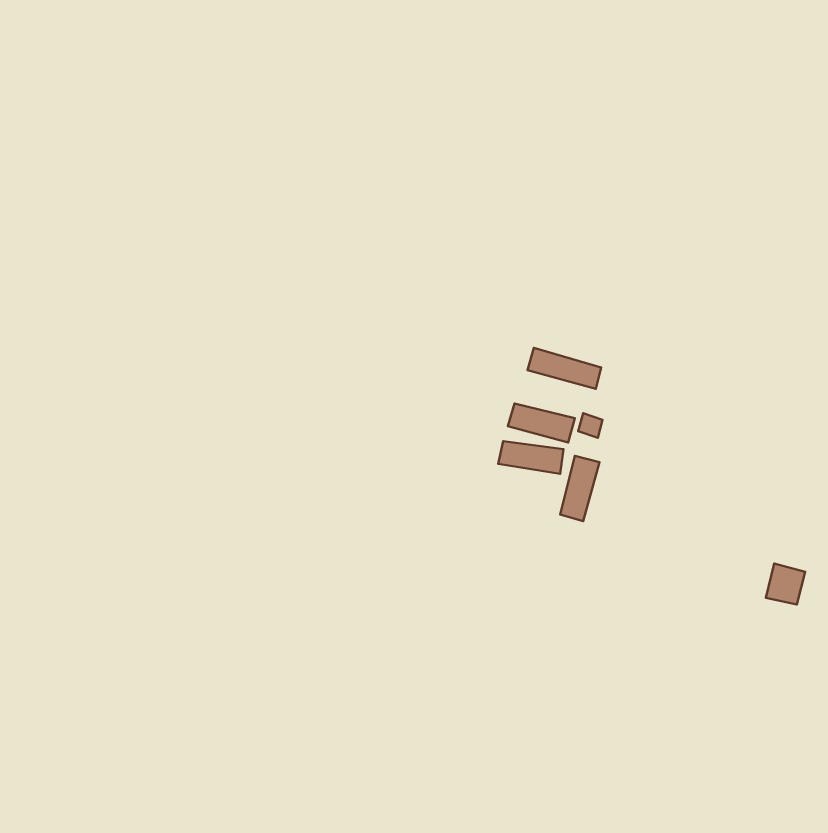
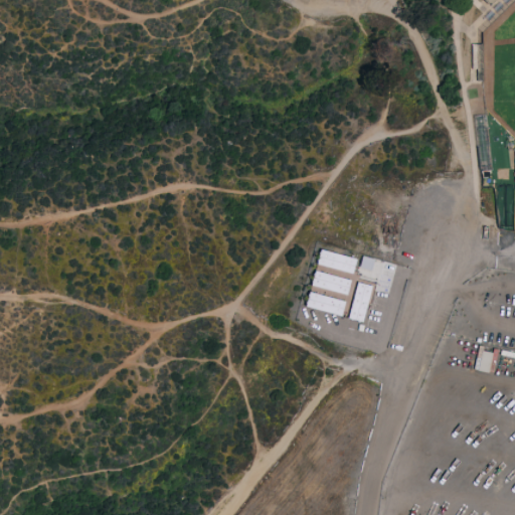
building: [527,348,601,389] -> none
building: none -> [306,293,346,315]

